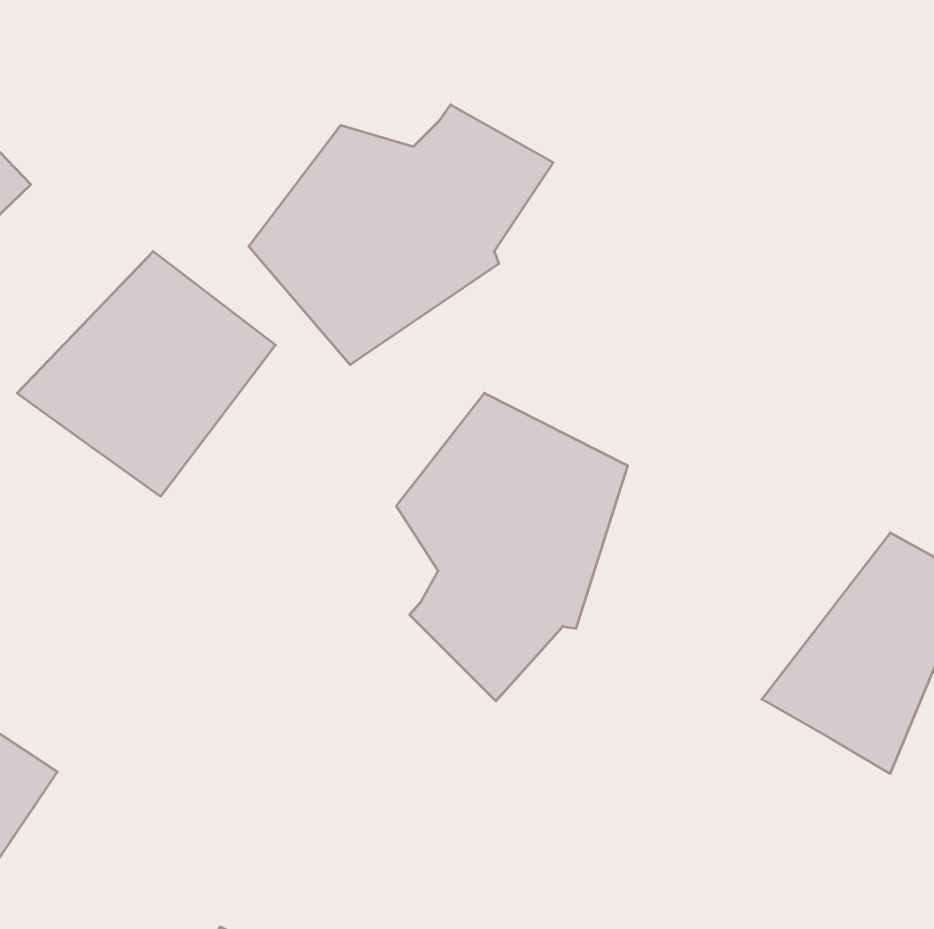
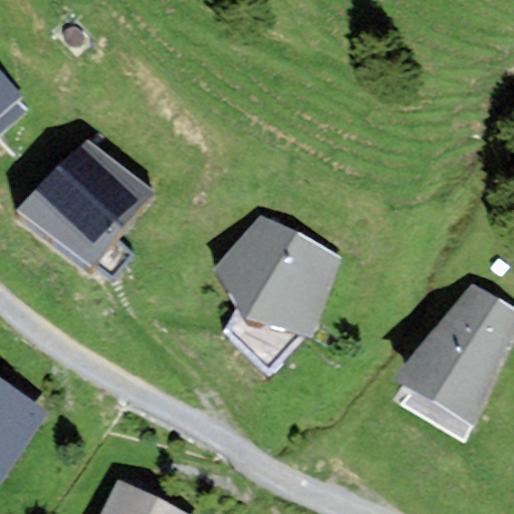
building: [249,105,553,365] -> none

